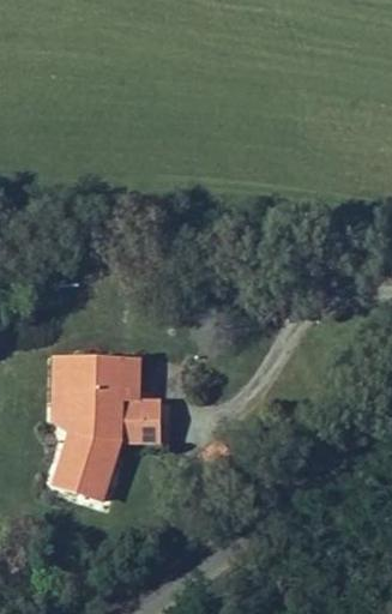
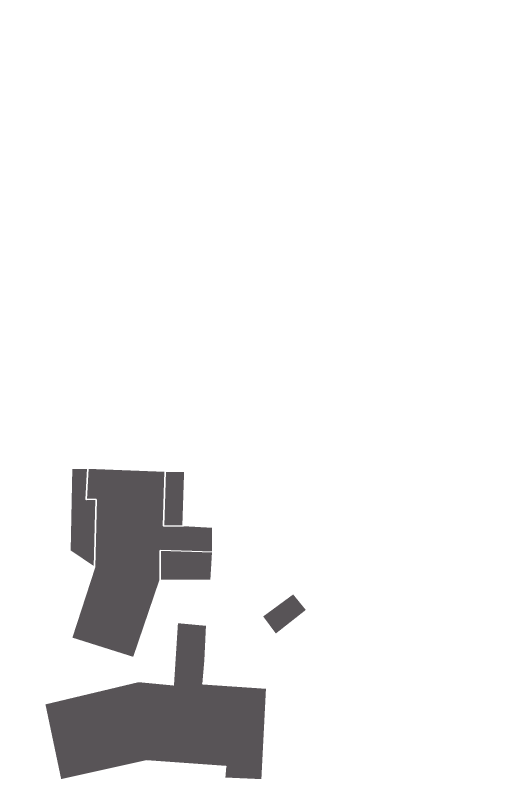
building: none -> [45,622,267,780]

